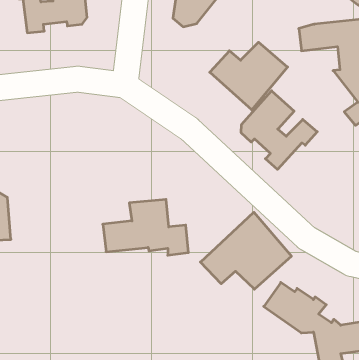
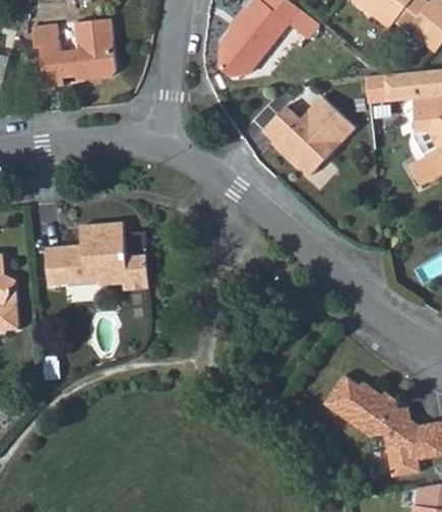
building: [241,91,317,169] -> none
building: [103,199,188,255] -> [48,219,149,285]
building: [200,212,291,289] -> none

